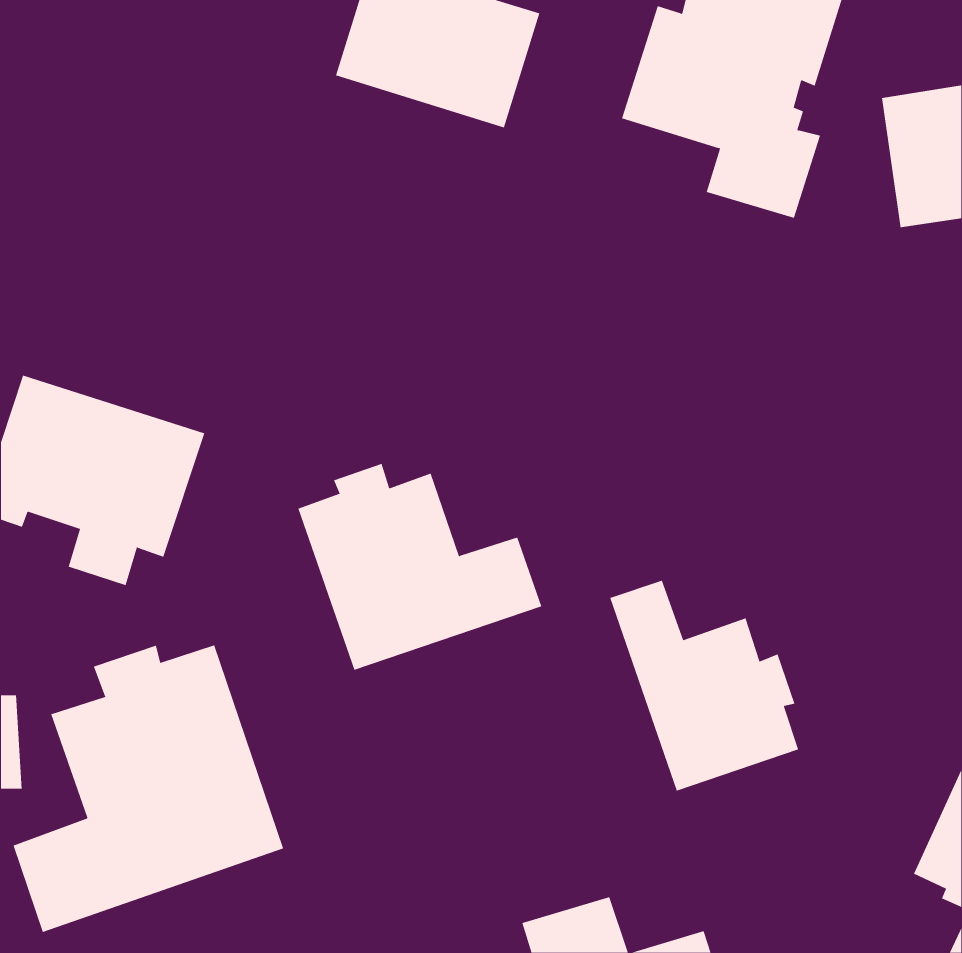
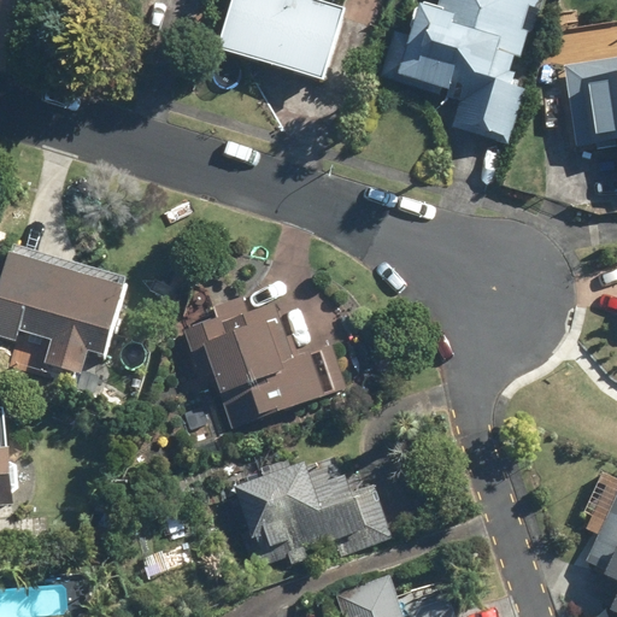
building: [609,580,799,791] -> none
building: [13,645,284,933] -> none
building: none -> [228,454,394,566]

